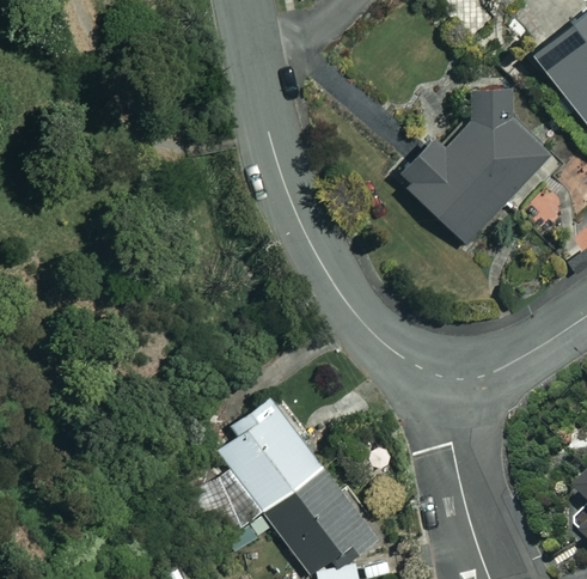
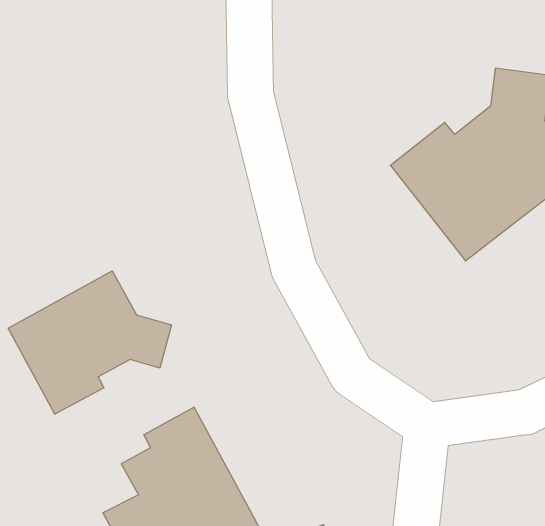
building: none -> [8,271,172,414]

